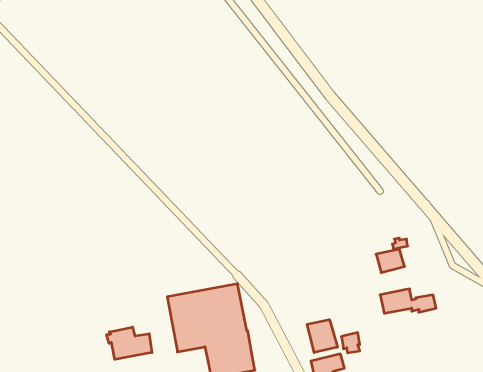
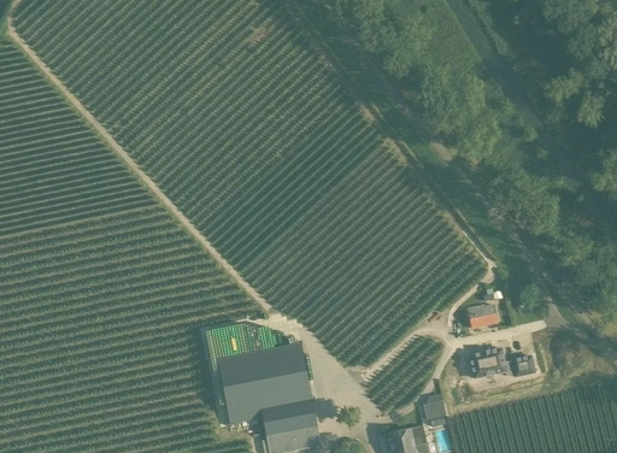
building: [307,320,337,353] -> none
building: [107,327,152,359] -> none

